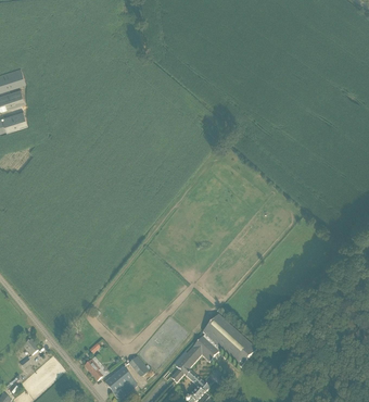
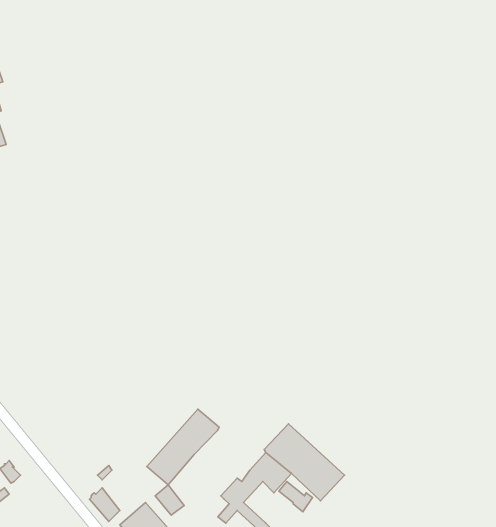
building: none -> [147,409,219,485]

